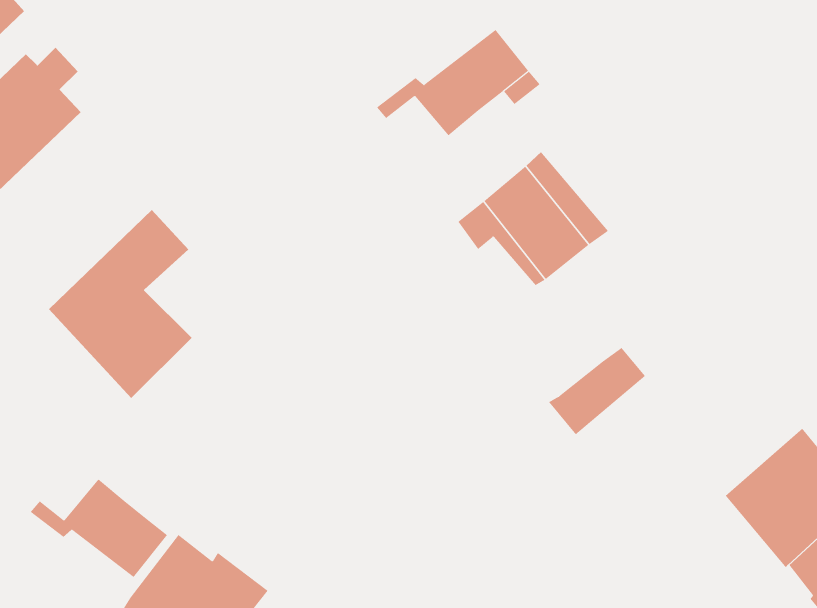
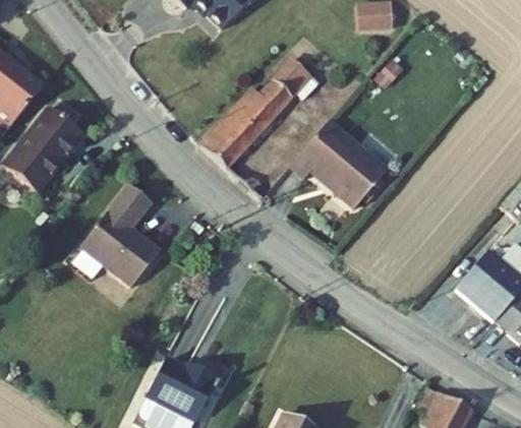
building: none -> [202,100,277,170]
building: [548,347,646,435] -> [336,155,386,205]
building: [30,478,168,578] -> none

